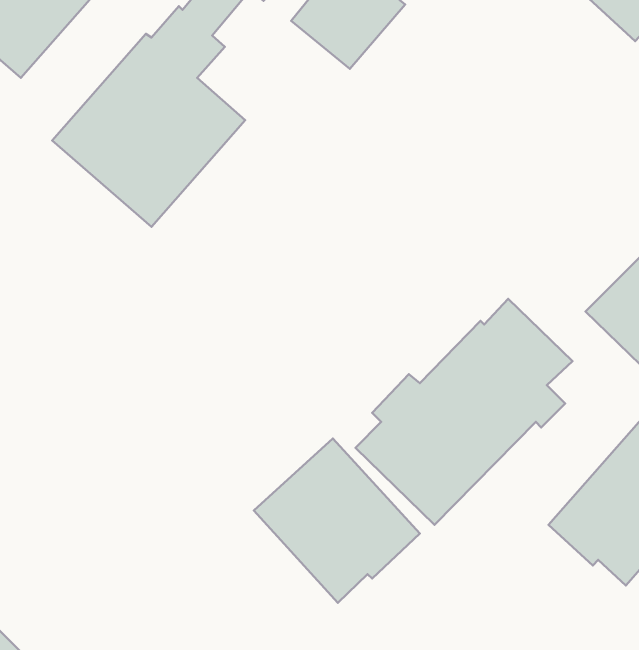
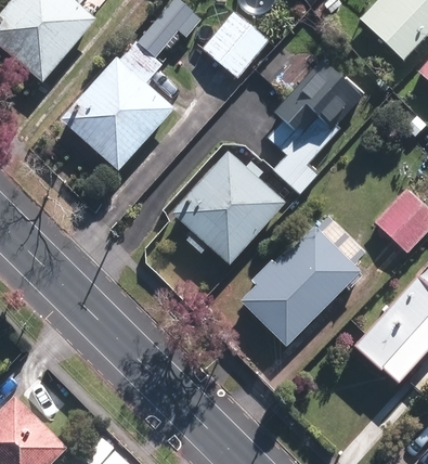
building: none -> [268,61,365,193]
building: none -> [172,151,285,263]
building: [254,438,420,603] -> none

